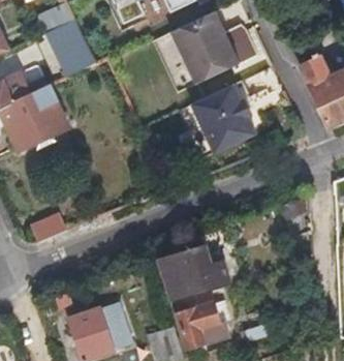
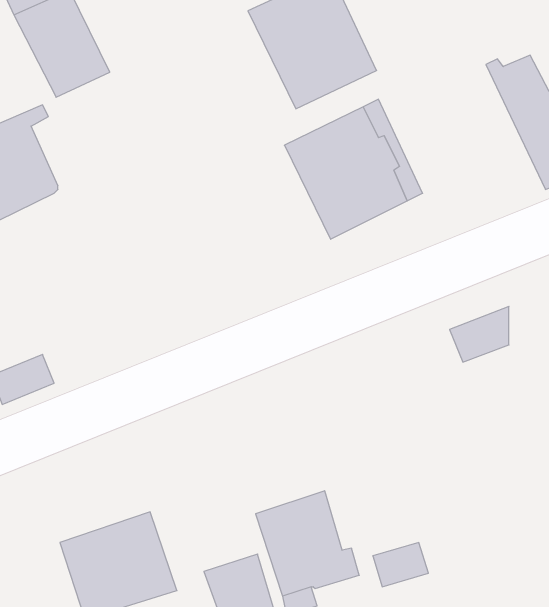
building: [157,233,228,294] -> none

